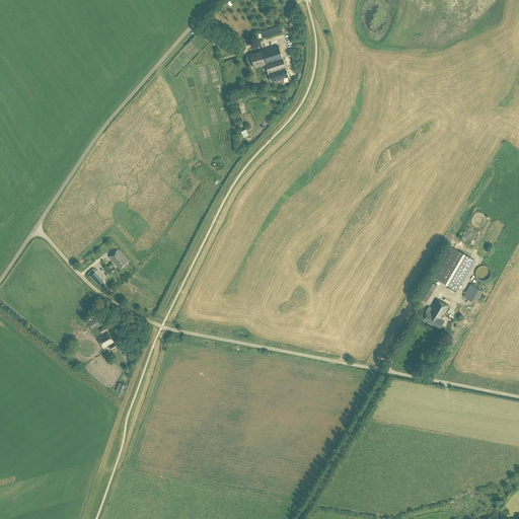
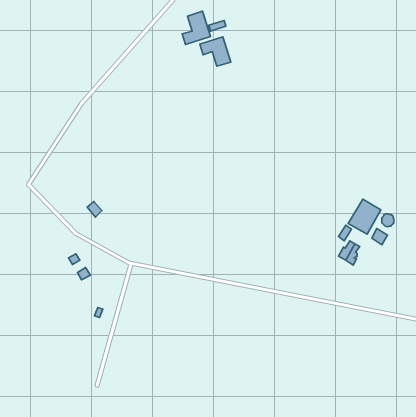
building: none -> [182,11,211,45]

